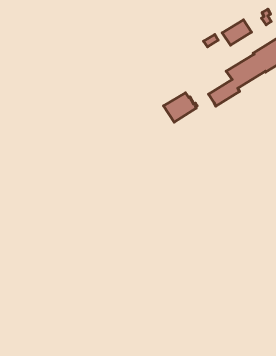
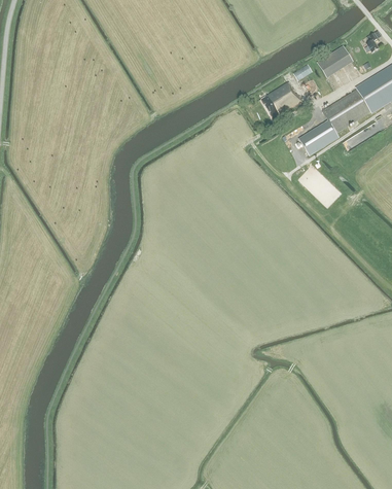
building: [164,93,197,122] -> [260,81,302,118]

